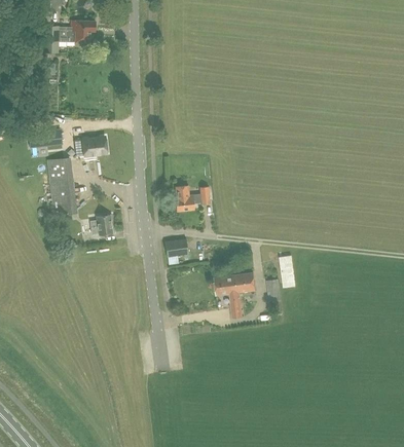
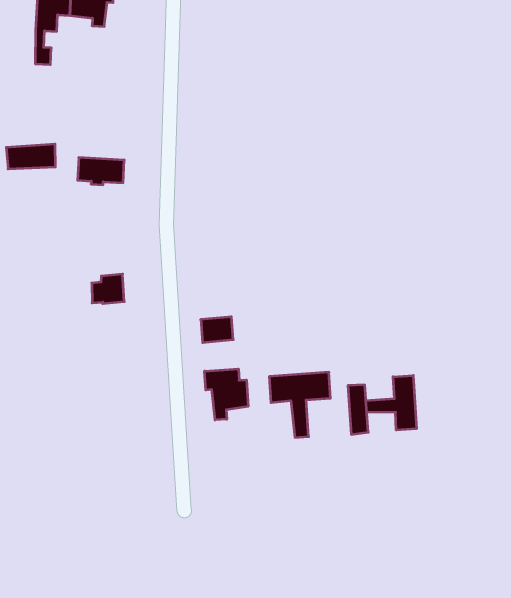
building: [45,157,76,216] -> none
building: [174,185,210,212] -> none
building: none -> [366,375,416,430]
building: none -> [205,369,248,420]

